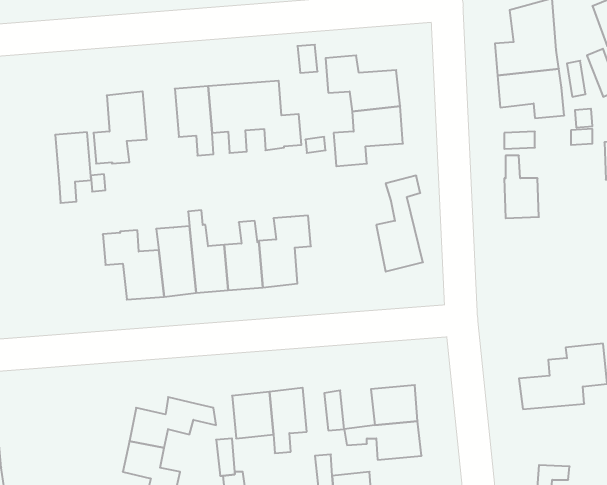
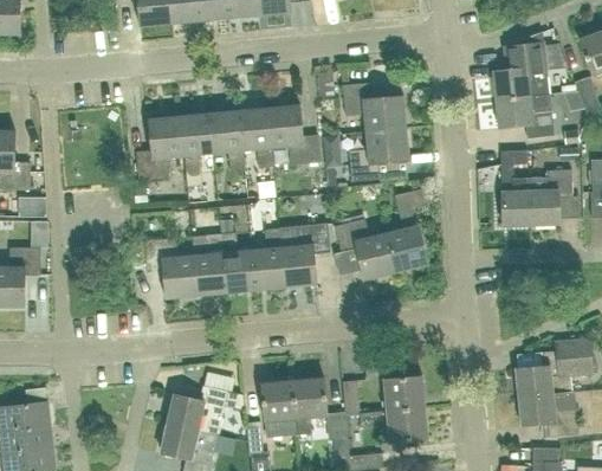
building: [55,132,91,203] -> [180,111,212,174]
building: none -> [529,168,571,225]
building: none -> [334,219,395,280]
building: none -> [517,391,577,435]

